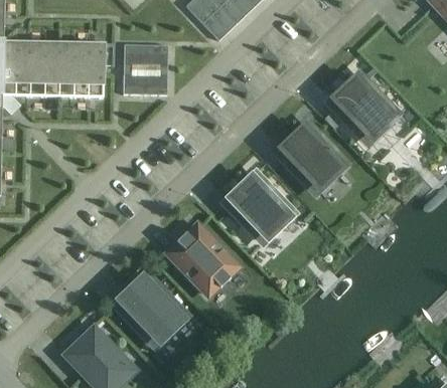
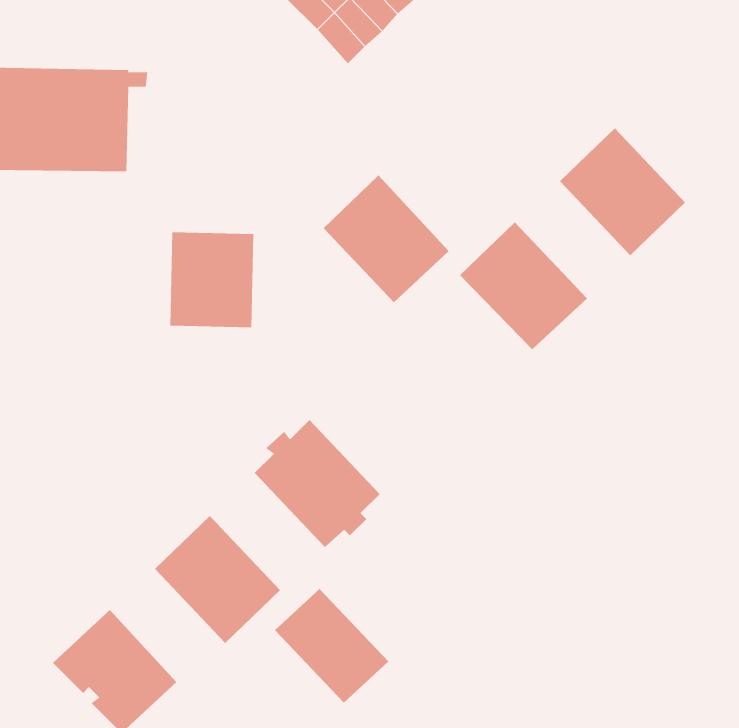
building: [123,43,167,93] -> [170,232,254,328]
building: [225,172,291,239] -> [323,175,450,303]
building: none -> [274,588,389,703]

